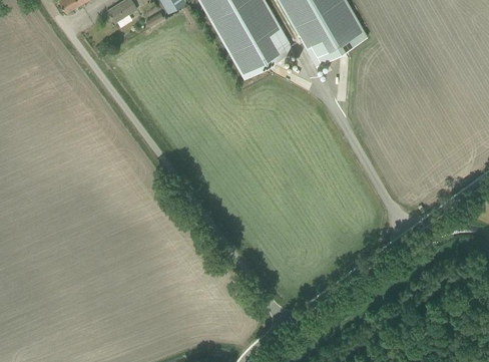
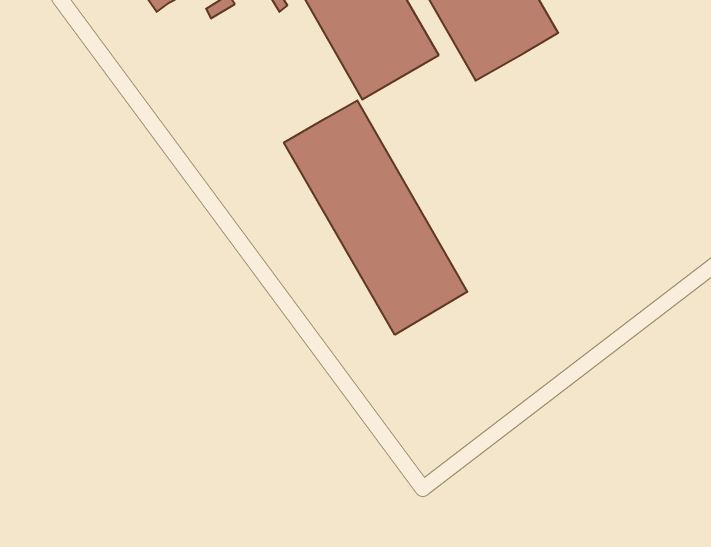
building: none -> [284,100,467,335]

